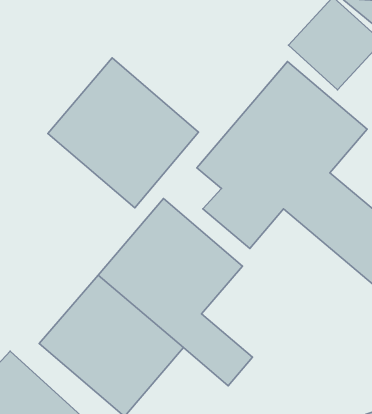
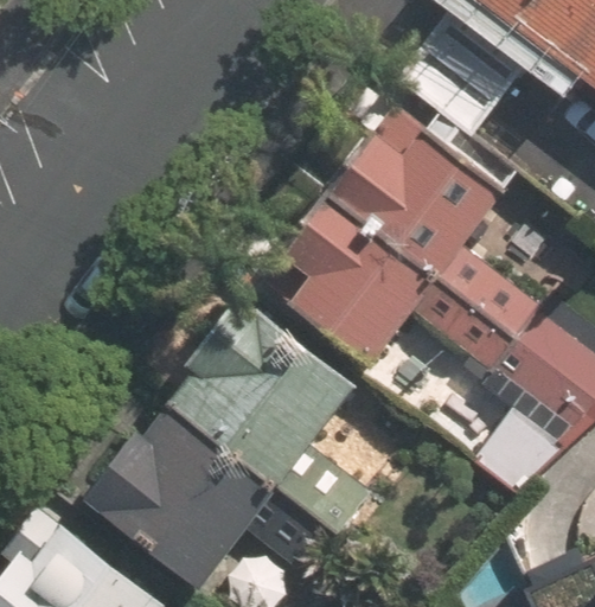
building: [48,58,199,208] -> none

